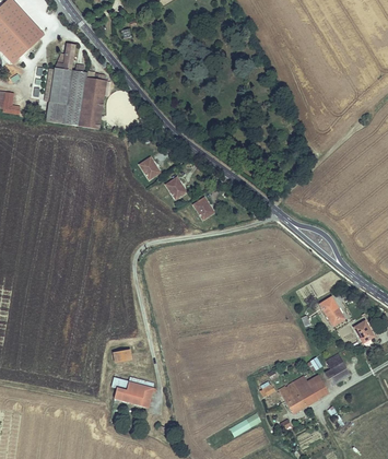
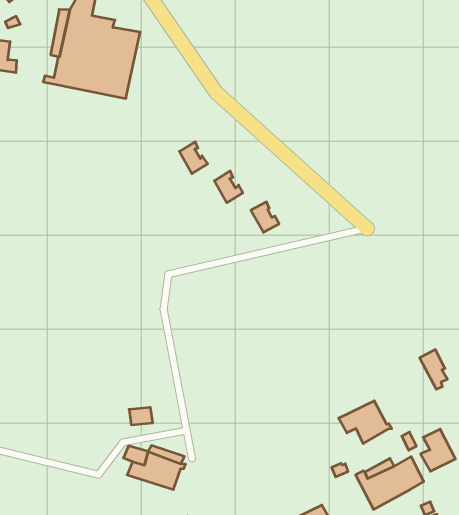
building: none -> [339,401,392,444]

